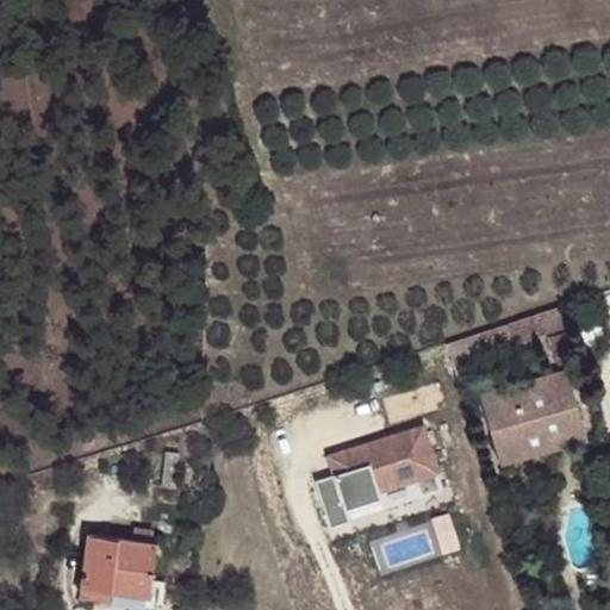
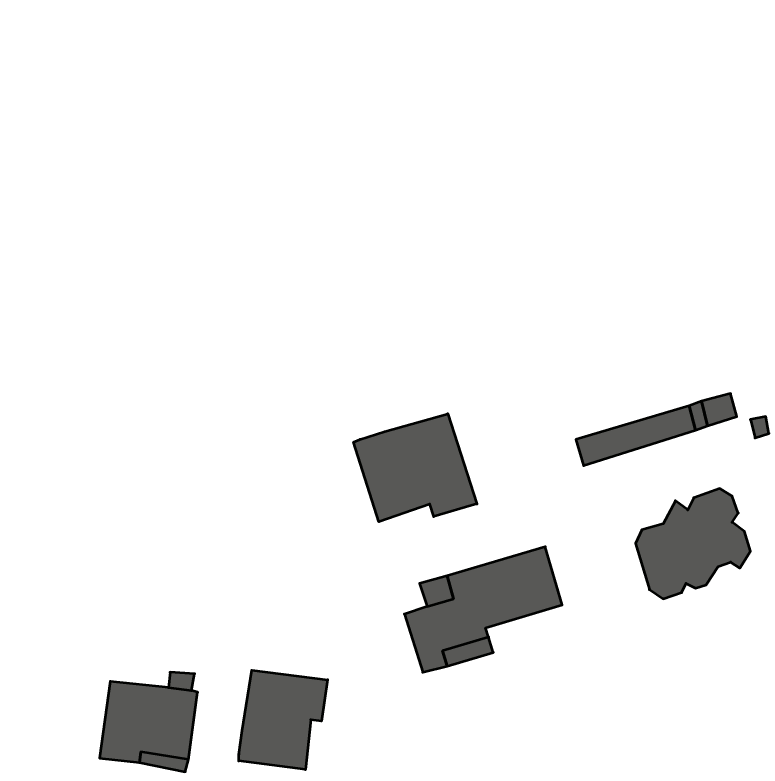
building: none -> [354,414,477,522]
building: none -> [239,670,328,770]

